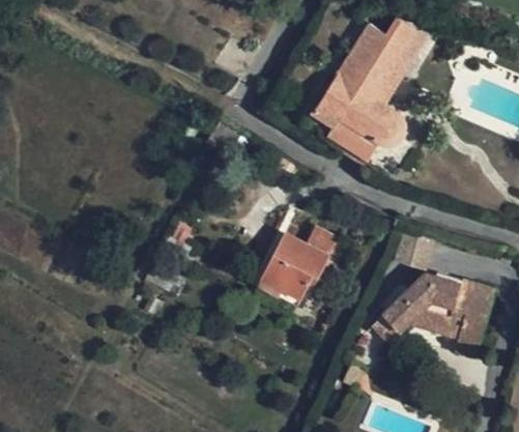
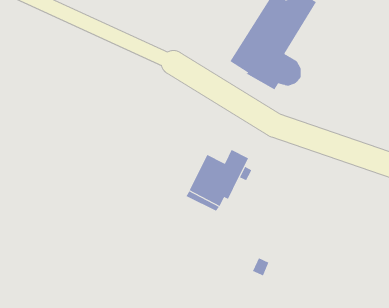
building: [370,273,494,356] -> none

